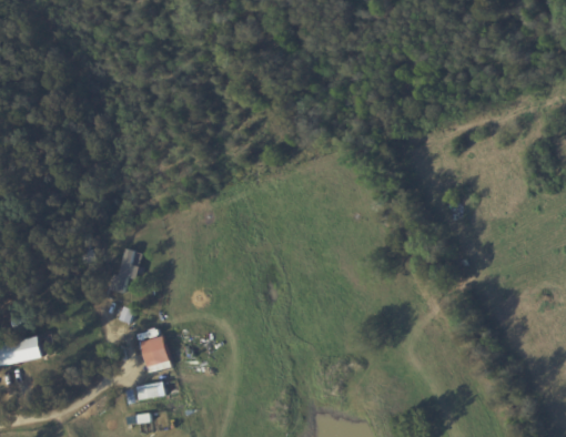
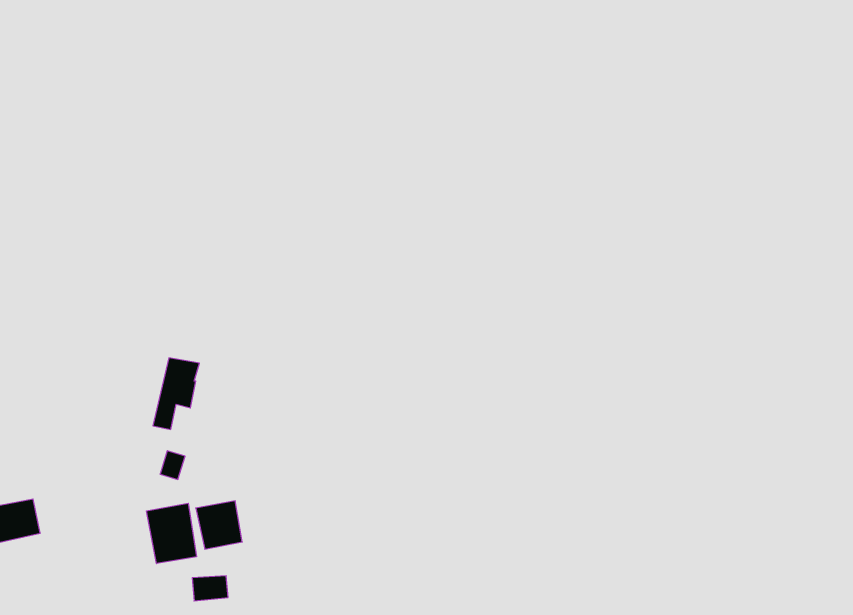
building: none -> [147,503,196,564]

